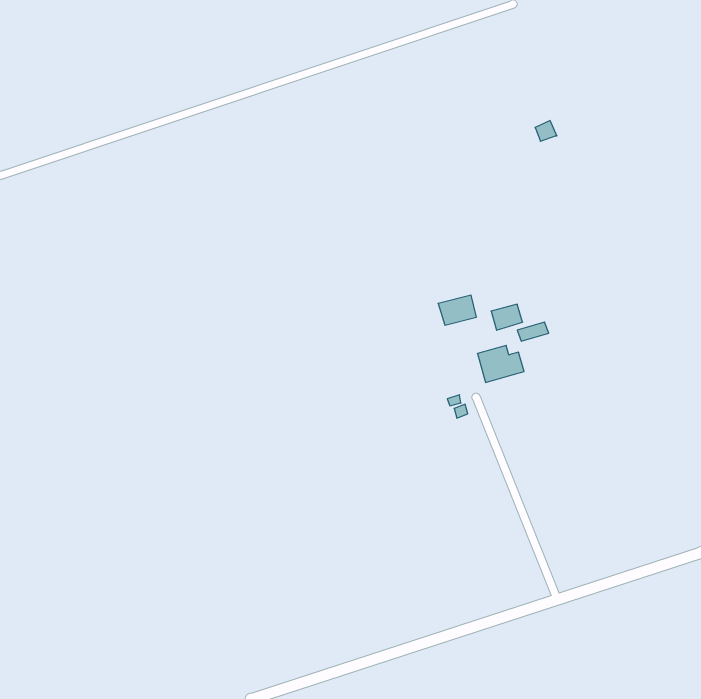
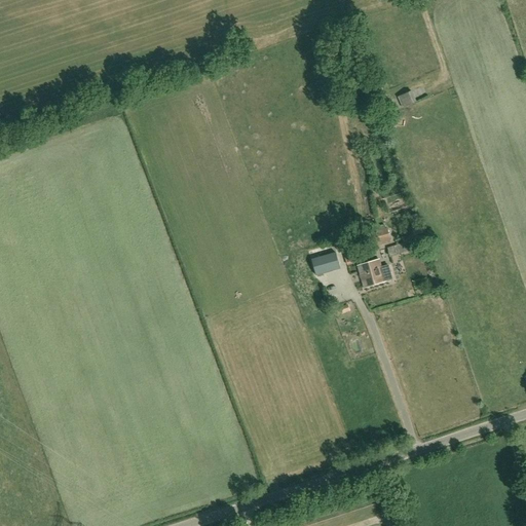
building: [438,295,476,325] -> [311,252,340,274]

